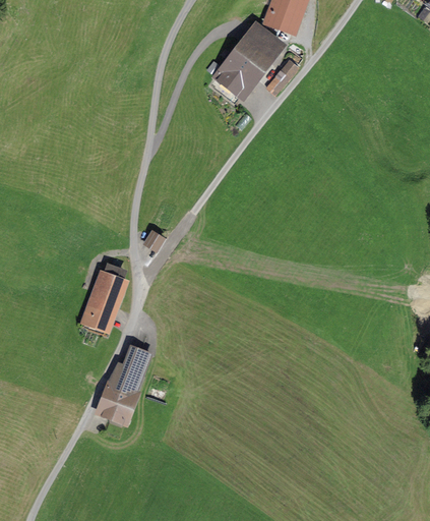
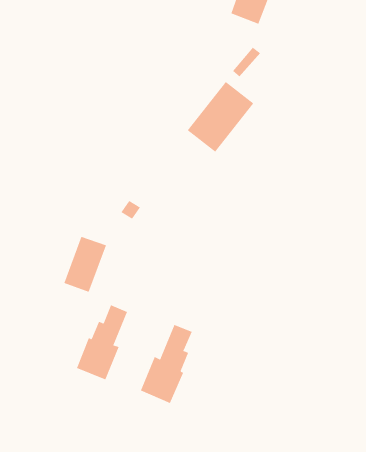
building: [211,23,286,102] -> [187,81,254,152]
building: none -> [140,324,192,404]

